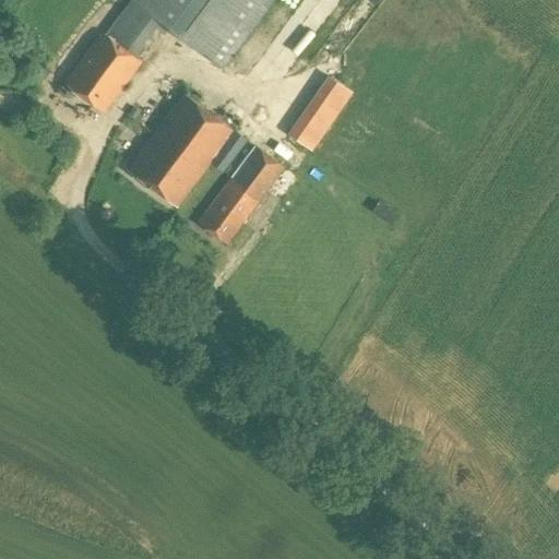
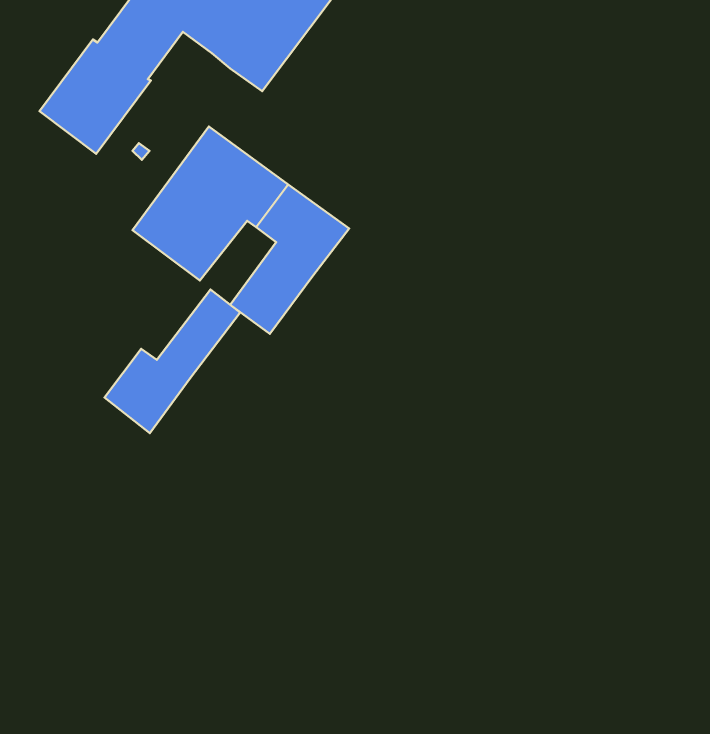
building: [288,76,352,150] -> none
building: none -> [105,289,240,433]

